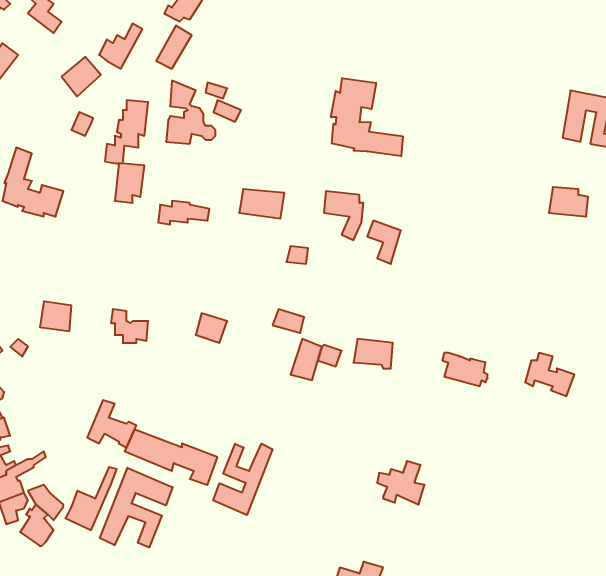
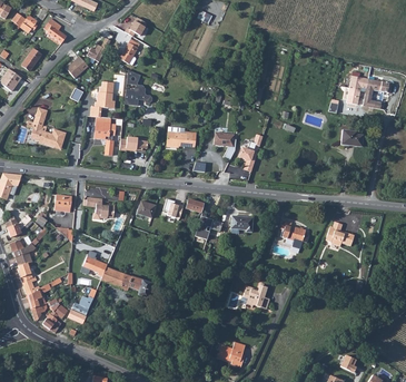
building: [331,78,403,156] -> none
building: [213,444,272,515] -> none
building: [100,468,173,548] -> none

